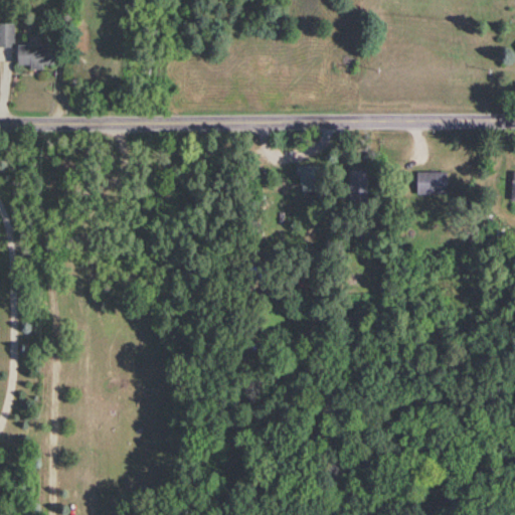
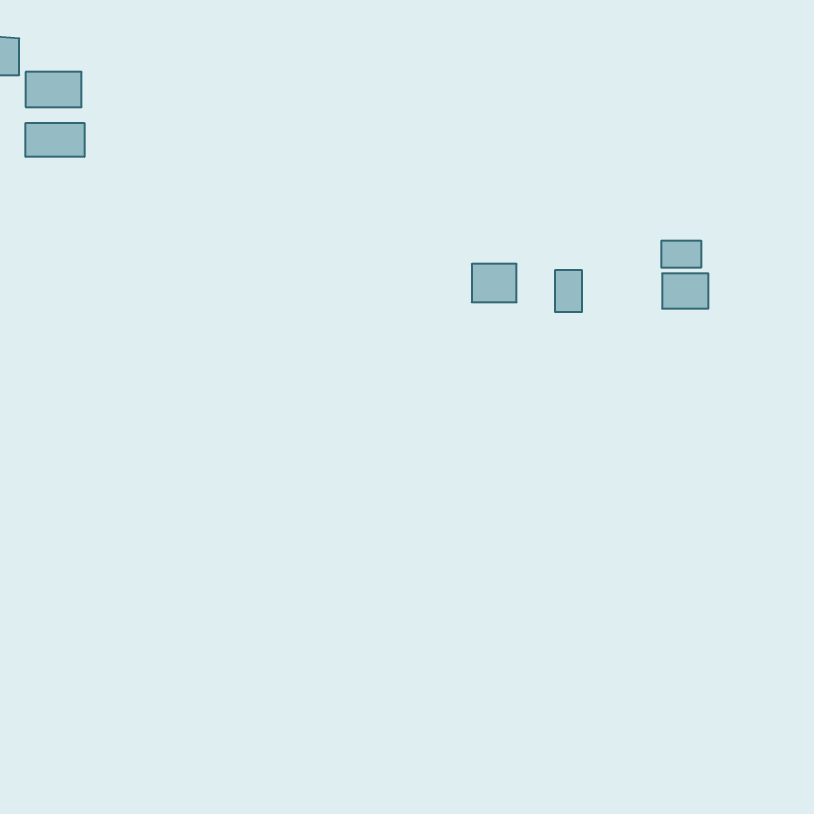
building: none -> [26,123,84,157]
building: none -> [661,241,701,268]

